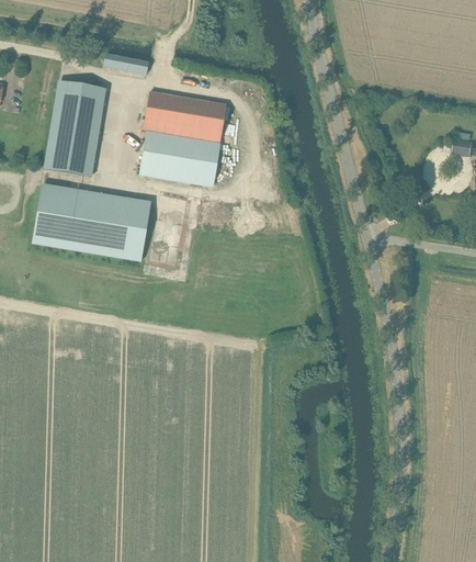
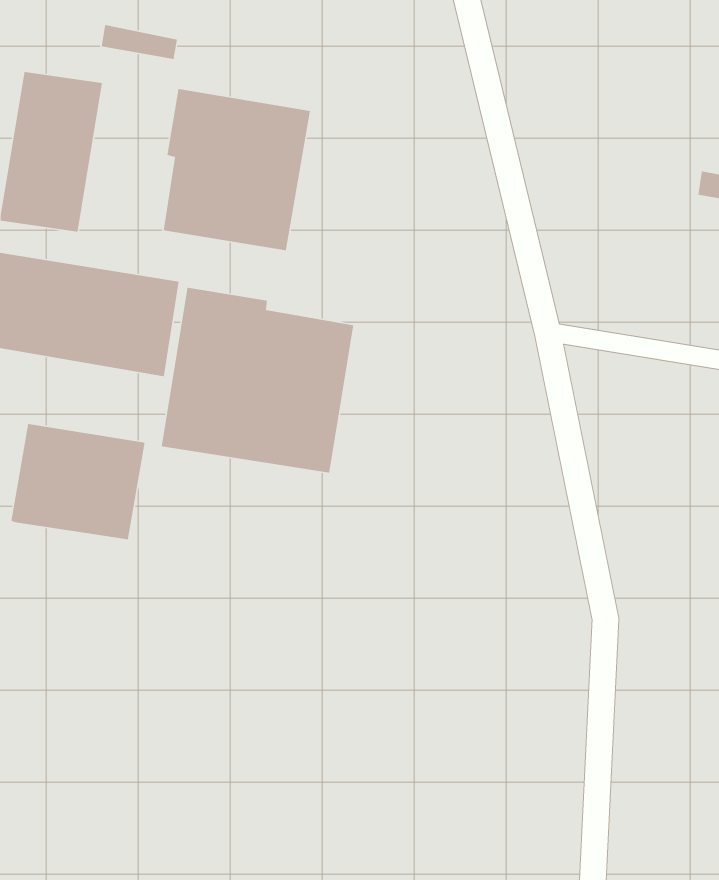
building: none -> [161,287,354,473]
building: none -> [10,423,146,540]

